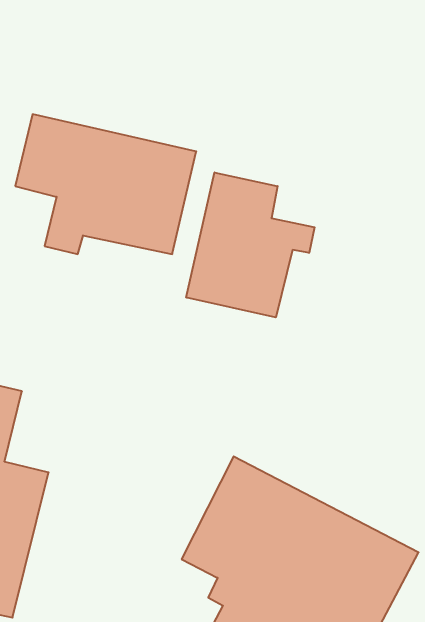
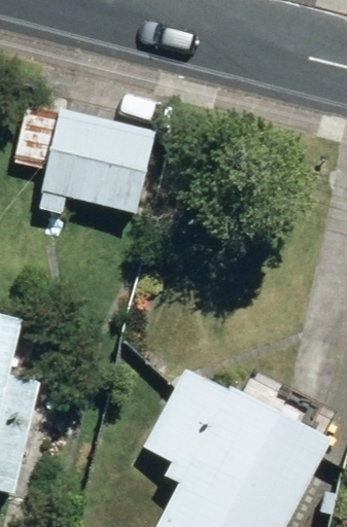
building: [186,172,315,317] -> none

